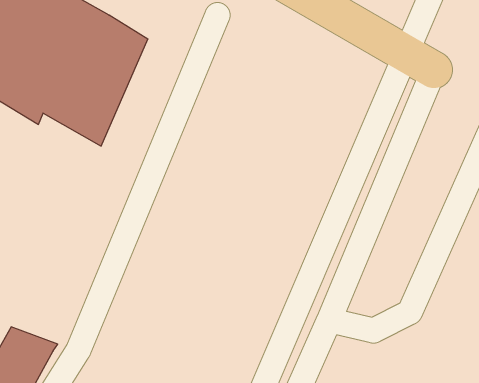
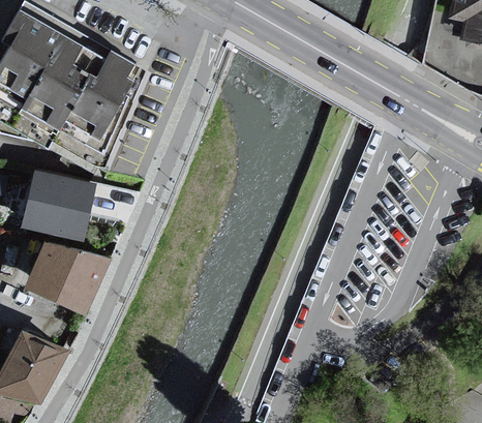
building: none -> [27,172,92,238]
building: none -> [29,244,108,312]

